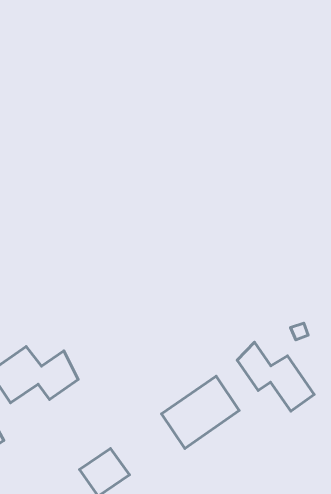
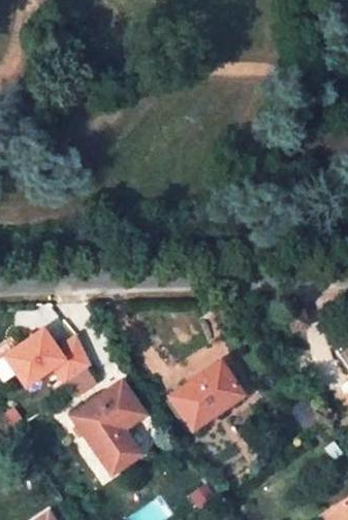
building: [237,342,314,411] -> none
building: none -> [71,383,144,449]

